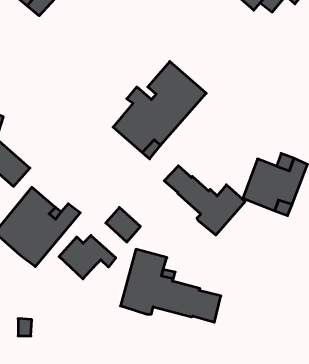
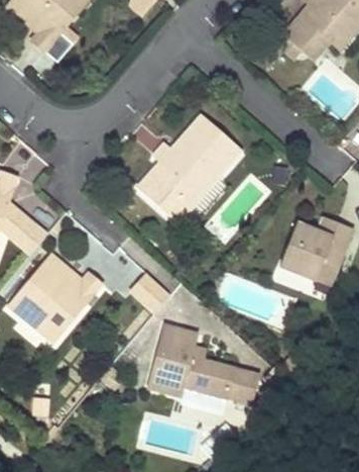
building: [164,166,245,235] -> none
building: [59,235,116,279] -> none

